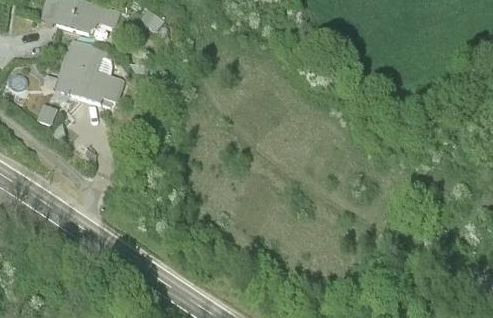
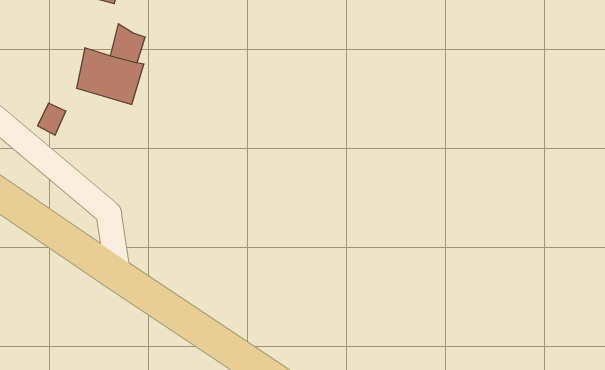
building: [67,42,93,73] -> none

